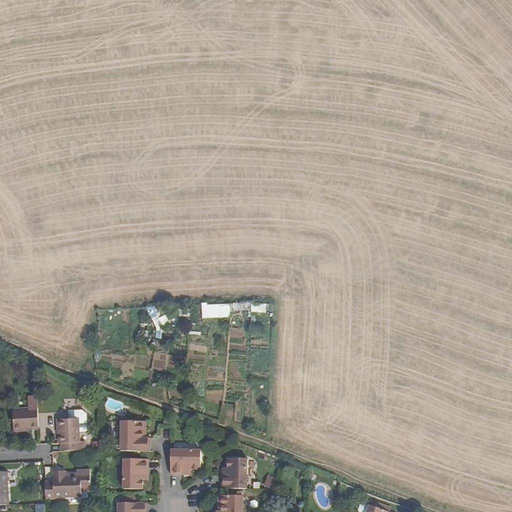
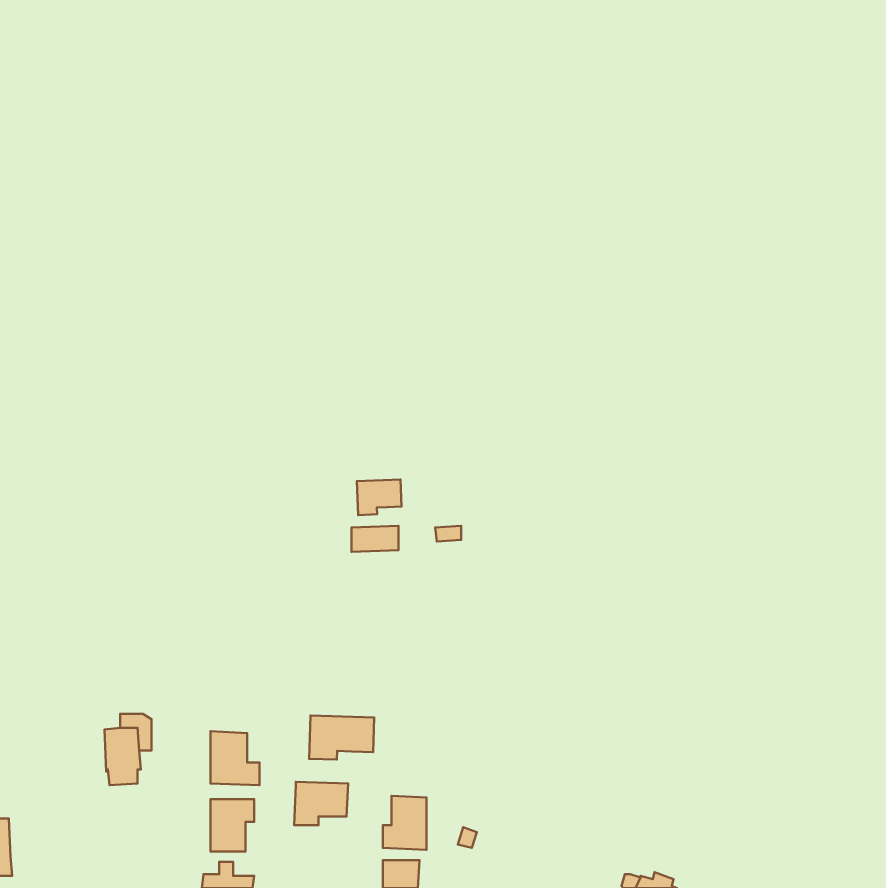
building: none -> [357,479,402,515]
building: [12,400,38,428] -> none
building: none -> [309,715,374,760]
building: [44,471,86,498] -> none

